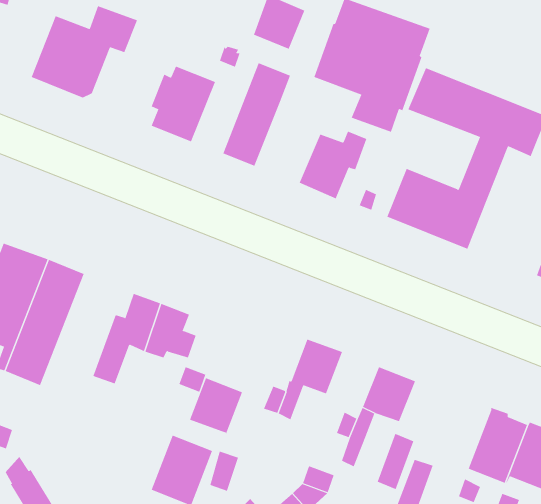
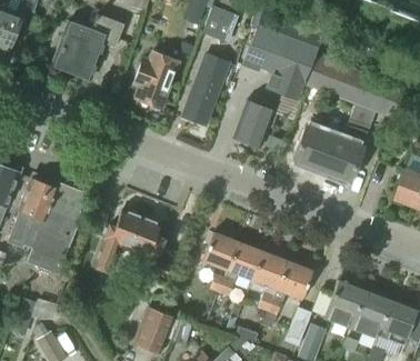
building: none -> [252,250,288,288]
building: [189,377,243,434] -> [202,231,239,270]
building: none -> [322,278,364,330]

